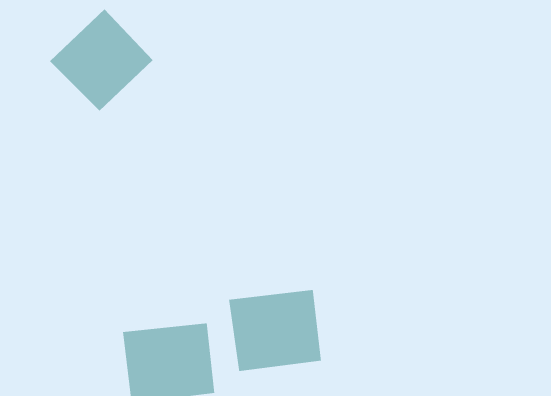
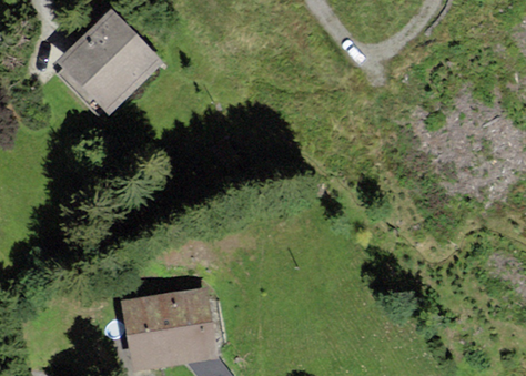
building: [229,289,322,372] -> none

